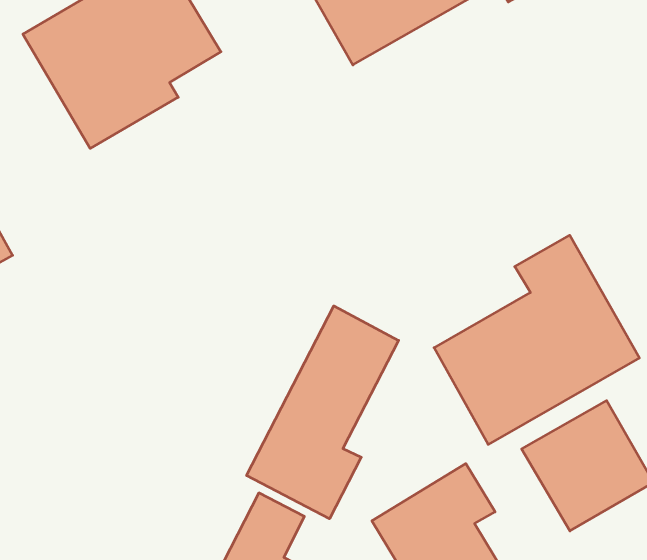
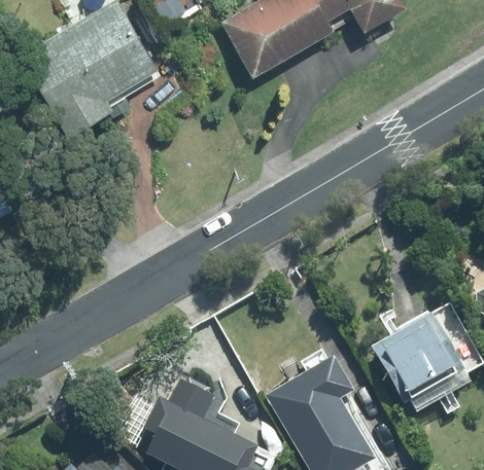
building: [434,235,639,444] -> none
building: [247,306,399,519] -> none

